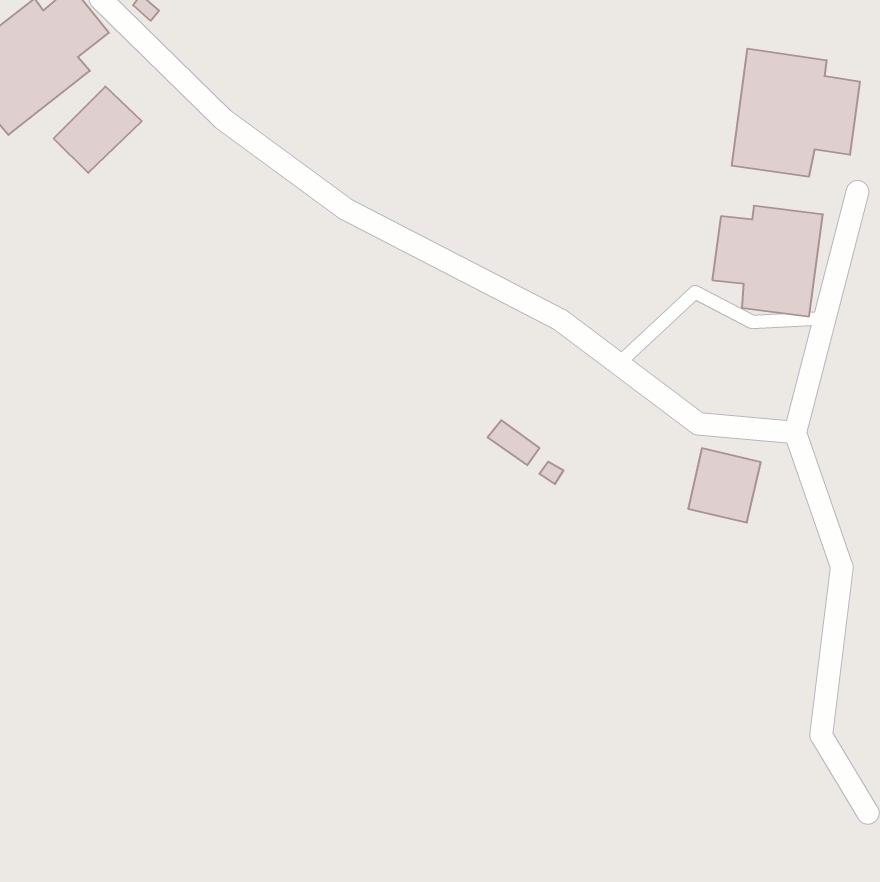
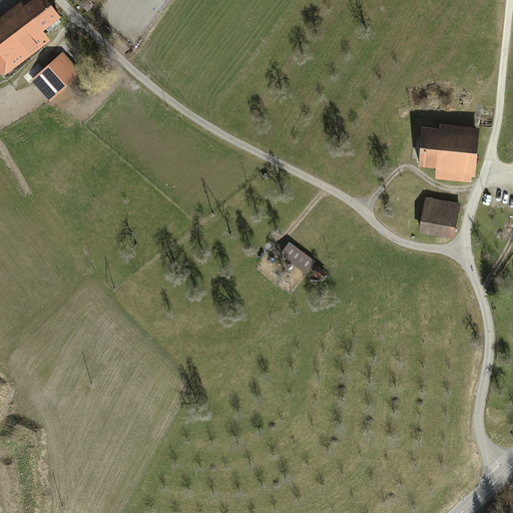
building: [732,49,860,177] -> none
building: [688,448,761,523] -> [416,194,458,237]

